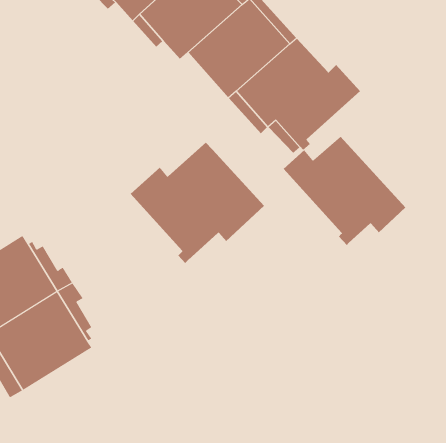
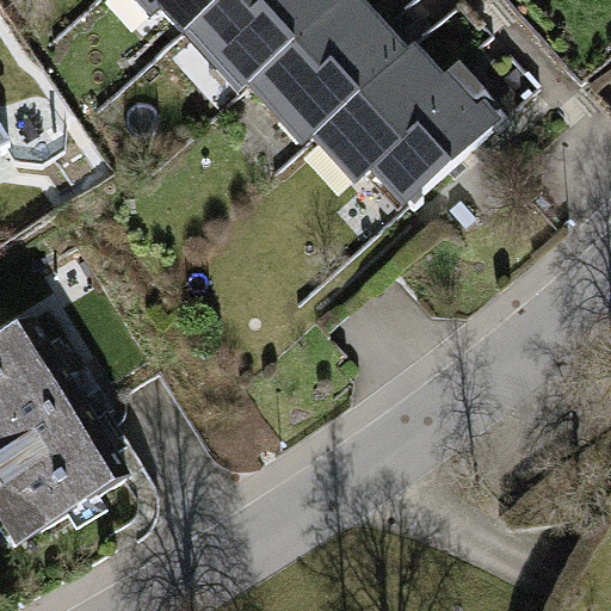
building: [283,136,406,246] -> none
building: [130,142,265,264] -> none

